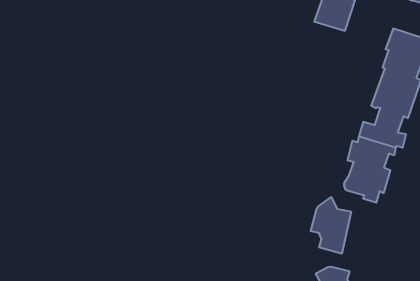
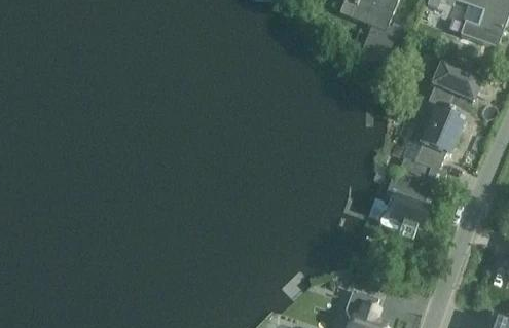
building: [311,197,351,254] -> none

